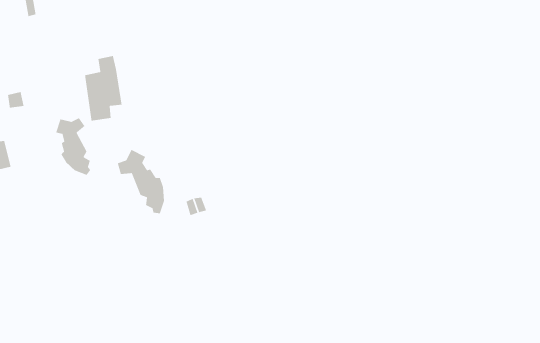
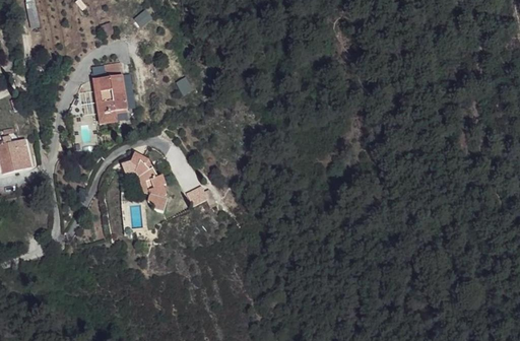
building: [55,117,91,176] -> none

